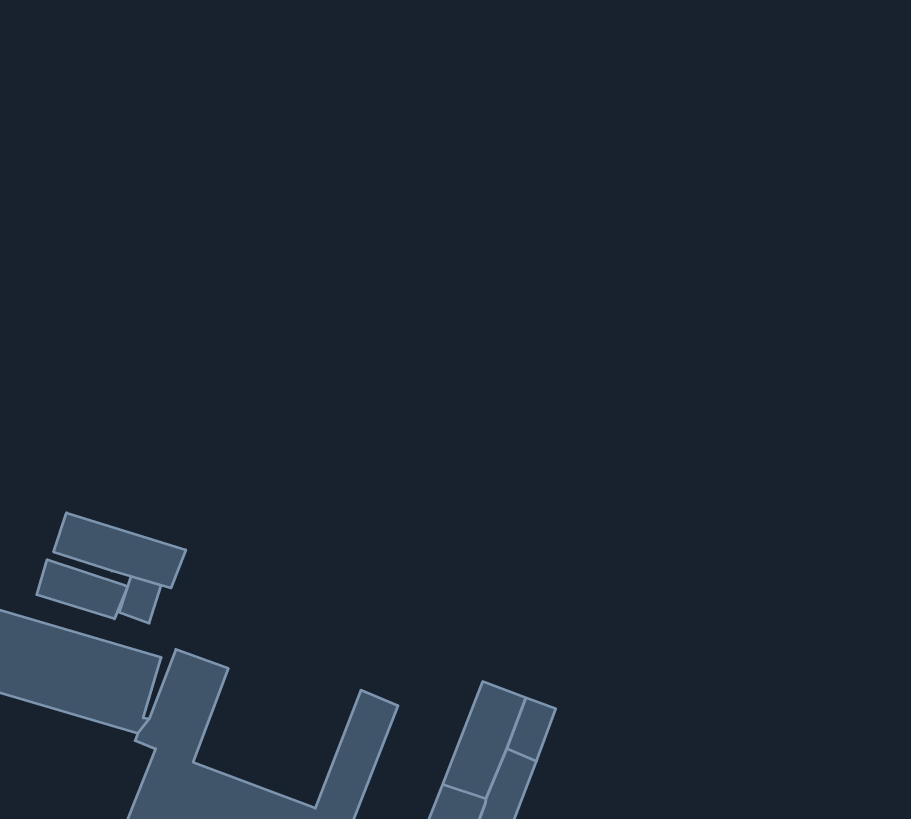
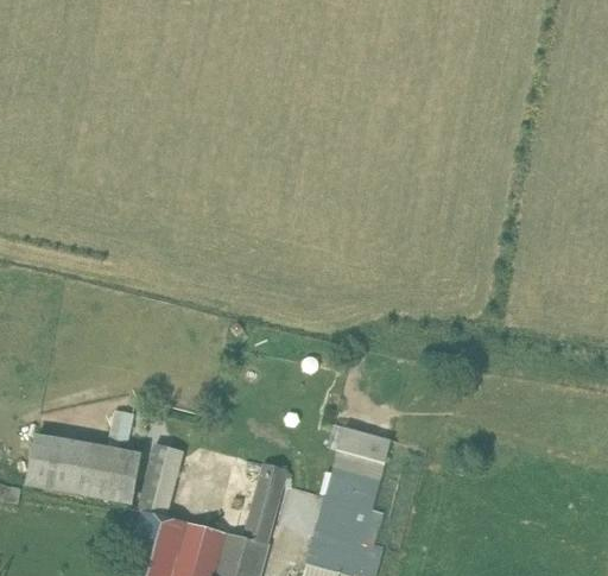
building: [54,513,186,588] -> none
building: [37,560,127,619] -> none
building: none -> [337,426,390,462]

